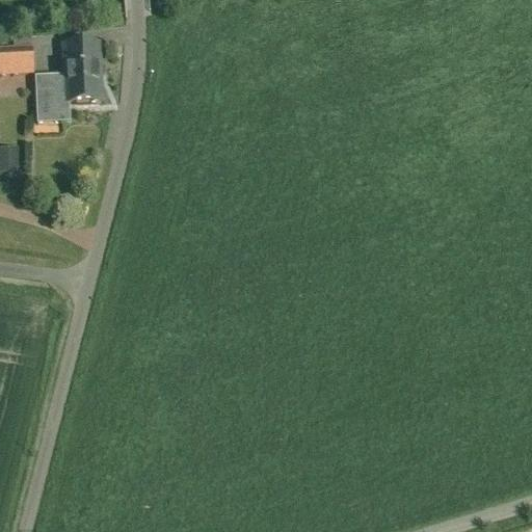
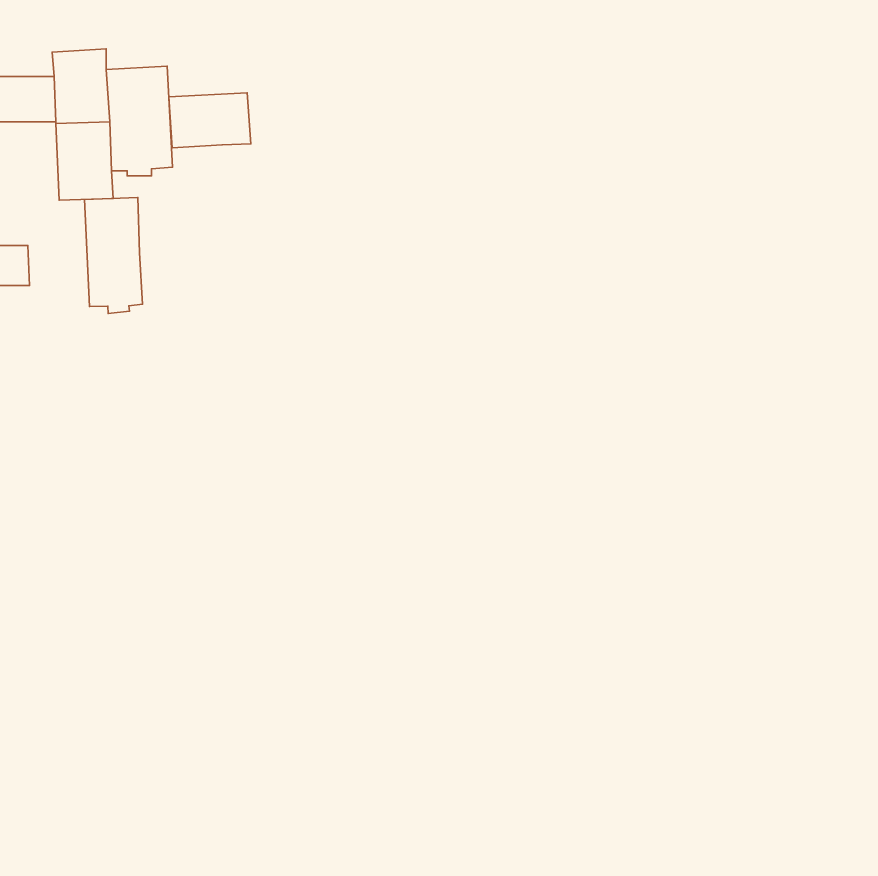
building: none -> [169,93,251,148]
building: none -> [85,198,143,314]

